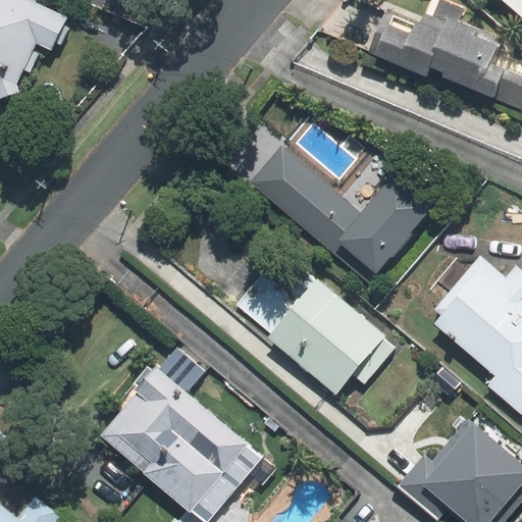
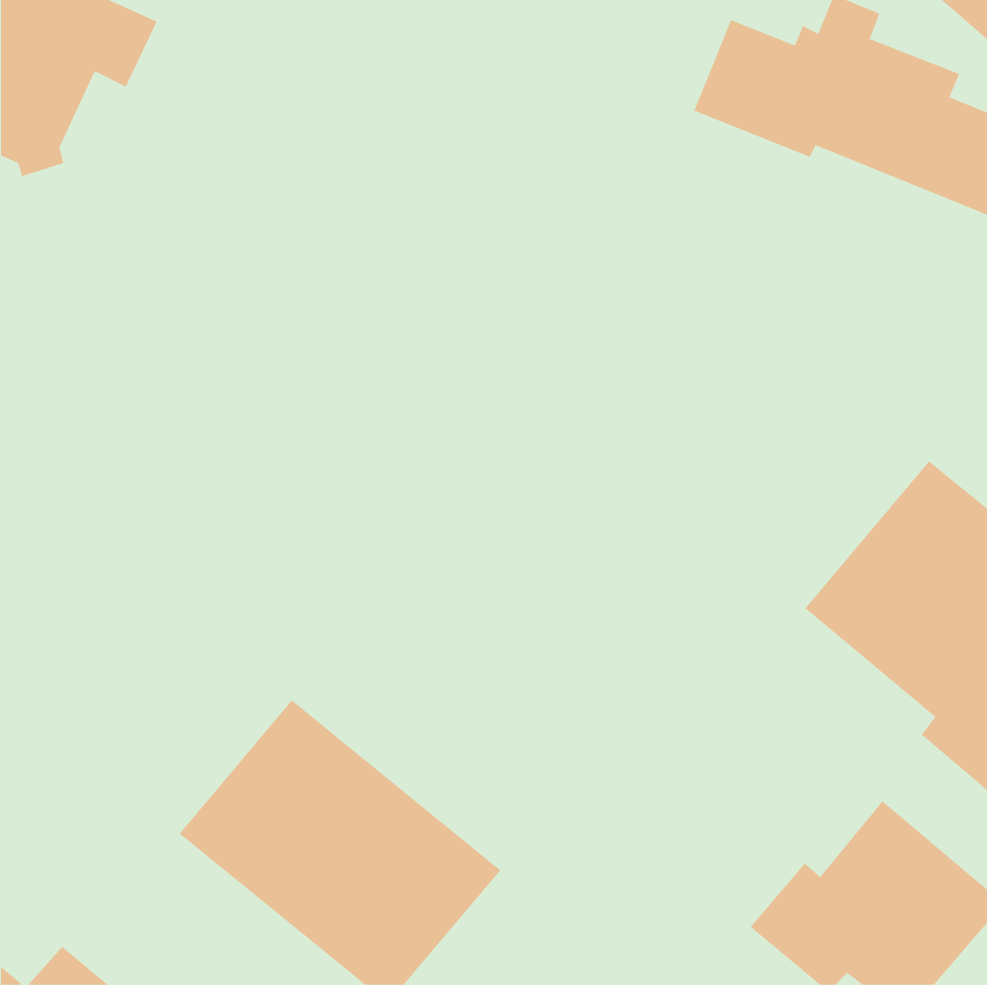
building: [249,144,431,282] -> none
building: [236,266,399,398] -> none

